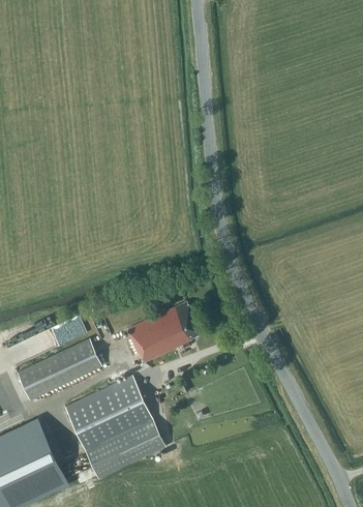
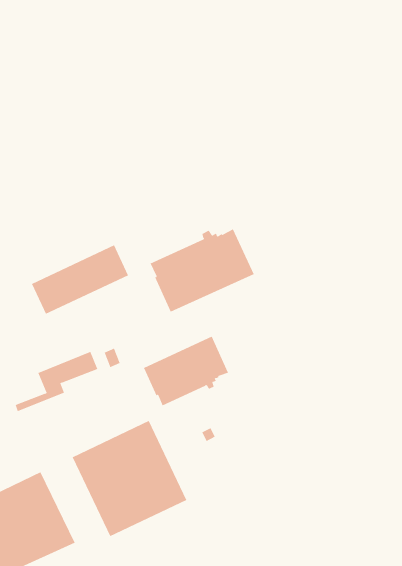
building: none -> [150,228,255,312]
building: [16,339,100,400] -> [31,244,129,315]

